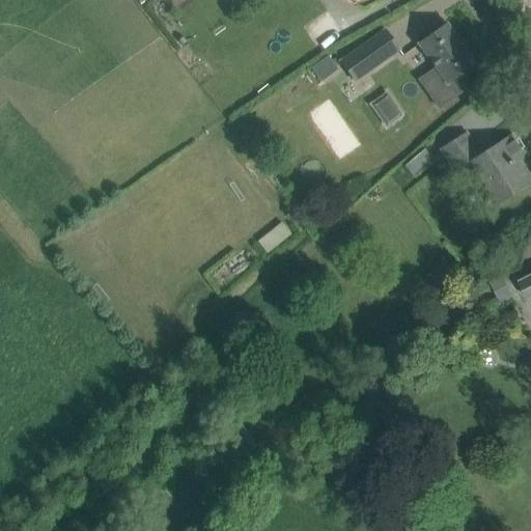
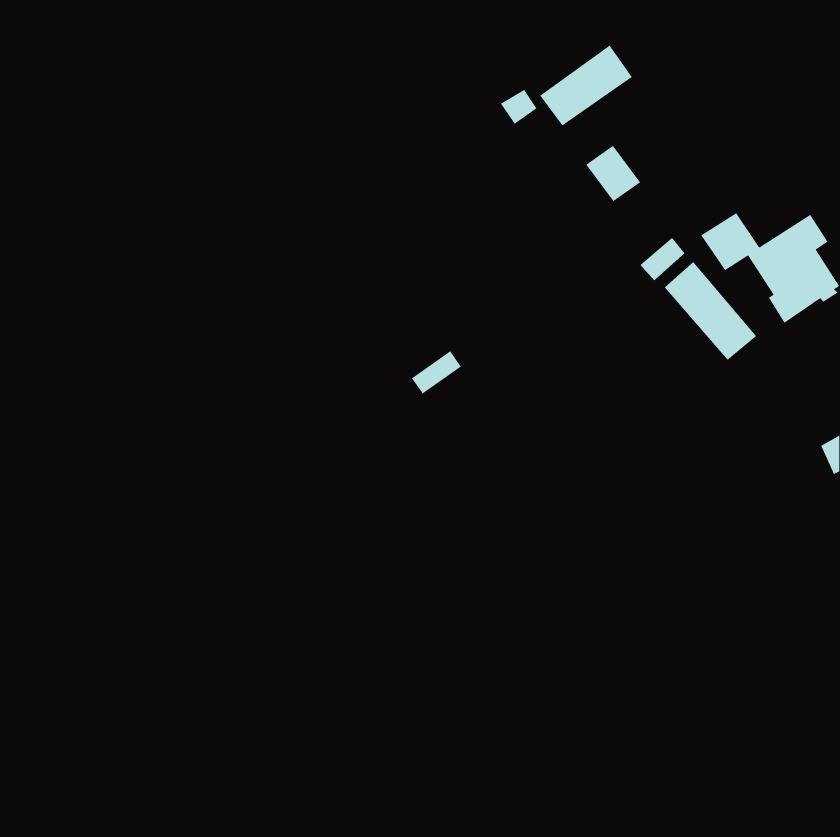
building: [418,23,475,108] -> none
building: none -> [664,261,757,361]

